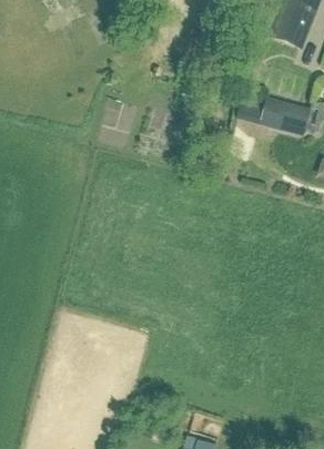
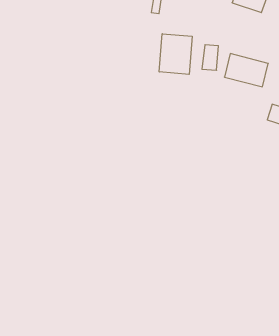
building: none -> [159,34,192,74]

